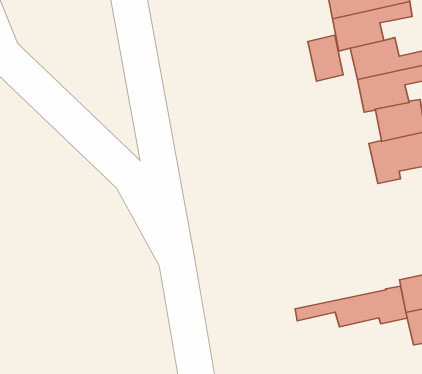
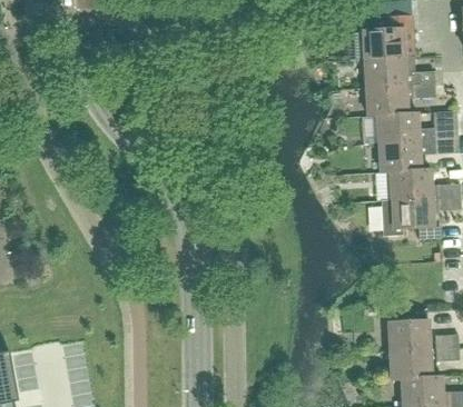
building: [308,35,343,81] -> none
building: [295,286,407,327] -> none

